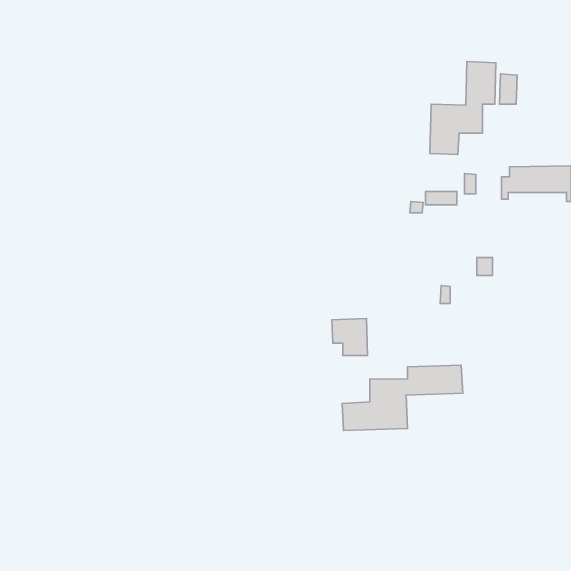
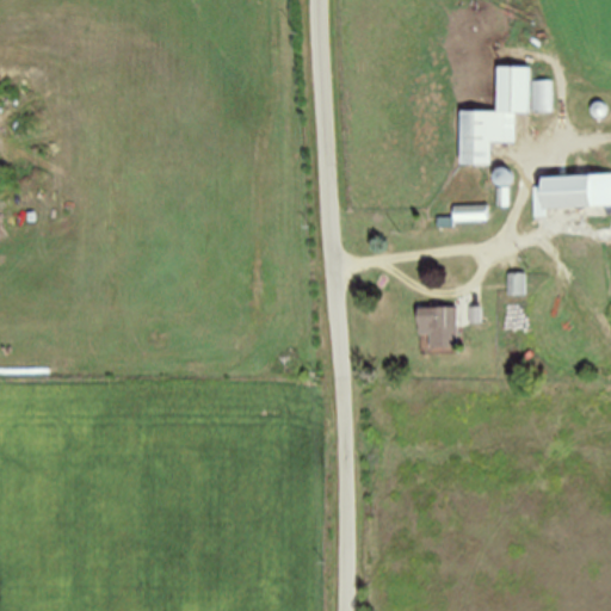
building: [332,319,368,356] -> [418,307,456,346]
building: [342,365,463,430] -> none

